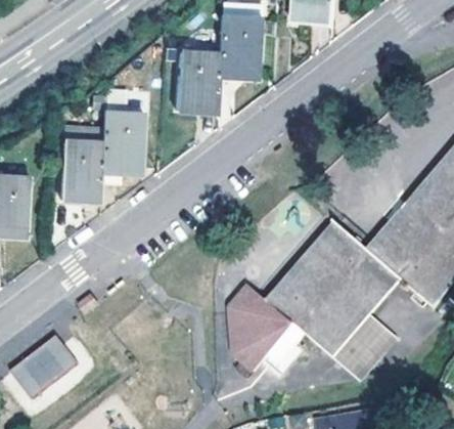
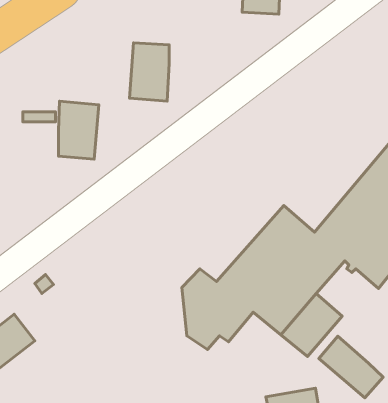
building: [217,16,261,76] -> none
building: [59,140,102,199] -> none
building: none -> [319,336,383,398]

